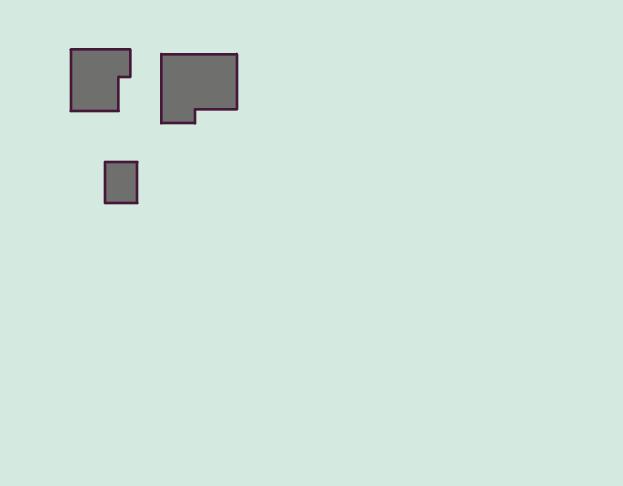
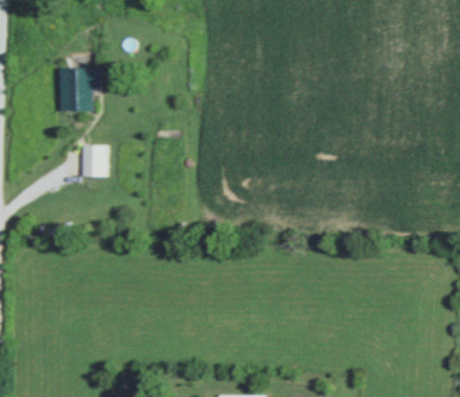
building: [161,54,237,123] -> none

